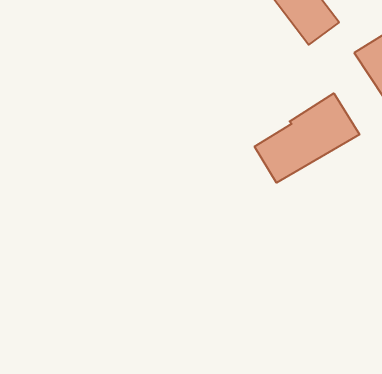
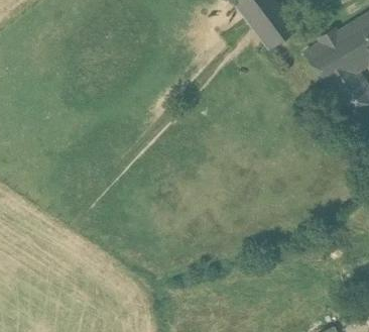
building: [255,93,359,183] -> none

